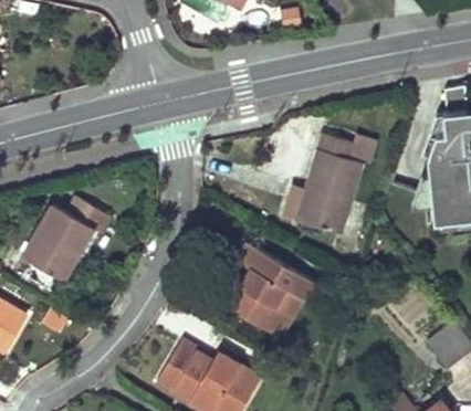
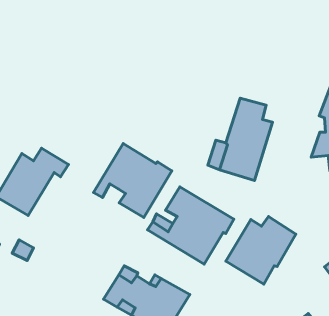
building: none -> [93,144,172,217]
building: none -> [226,217,296,284]

